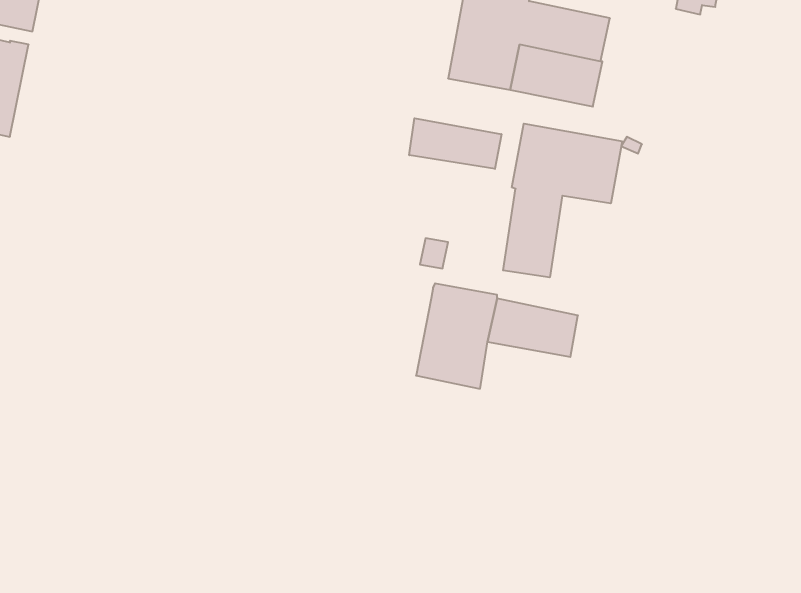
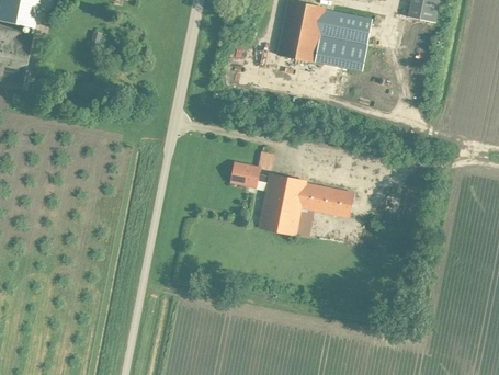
building: [409,118,501,169] -> none
building: [503,124,622,277] -> none
building: none -> [230,162,269,188]

